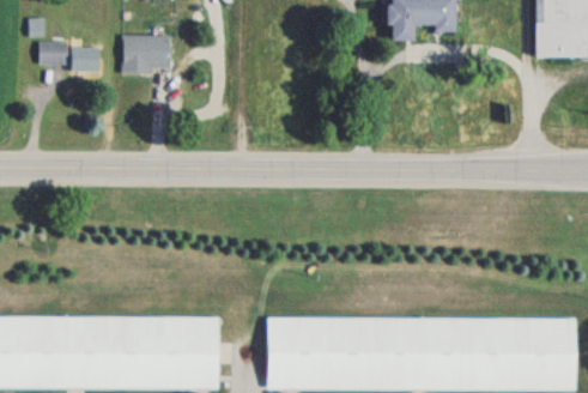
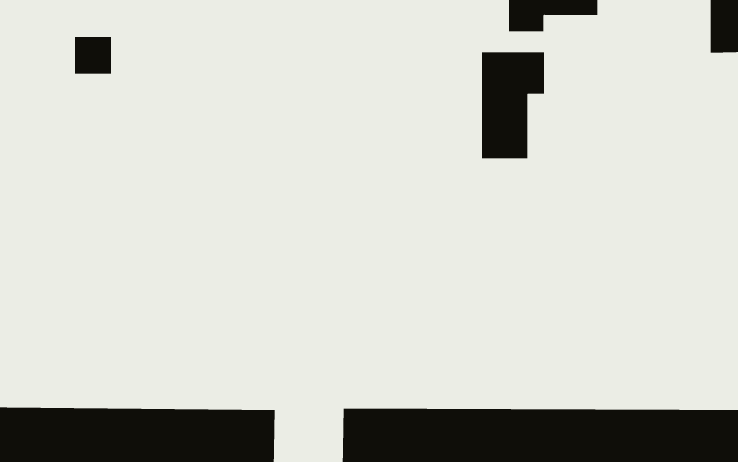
building: [123,35,170,71] -> none
building: [40,42,68,64] -> none
building: none -> [482,51,545,159]

